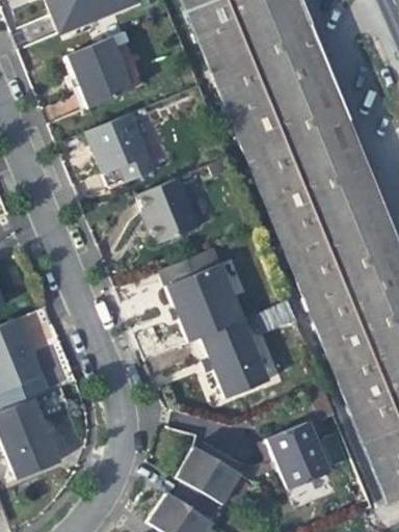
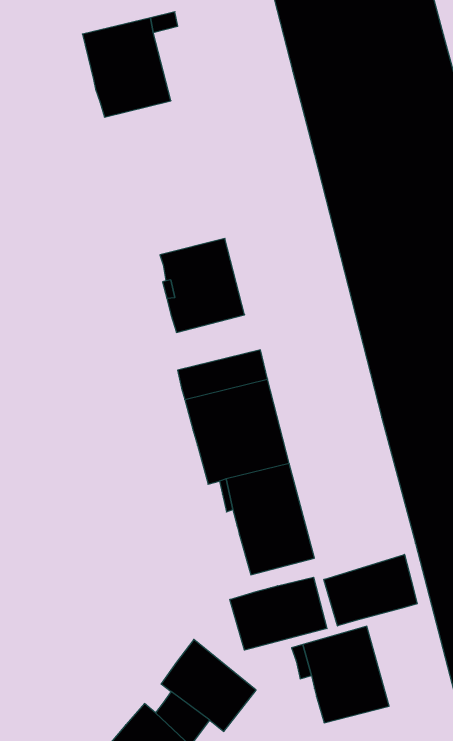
building: [87,113,155,189] -> none
building: none -> [324,554,417,626]
building: none -> [230,577,327,650]

